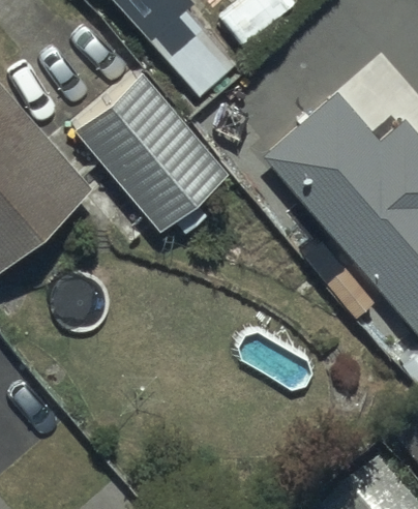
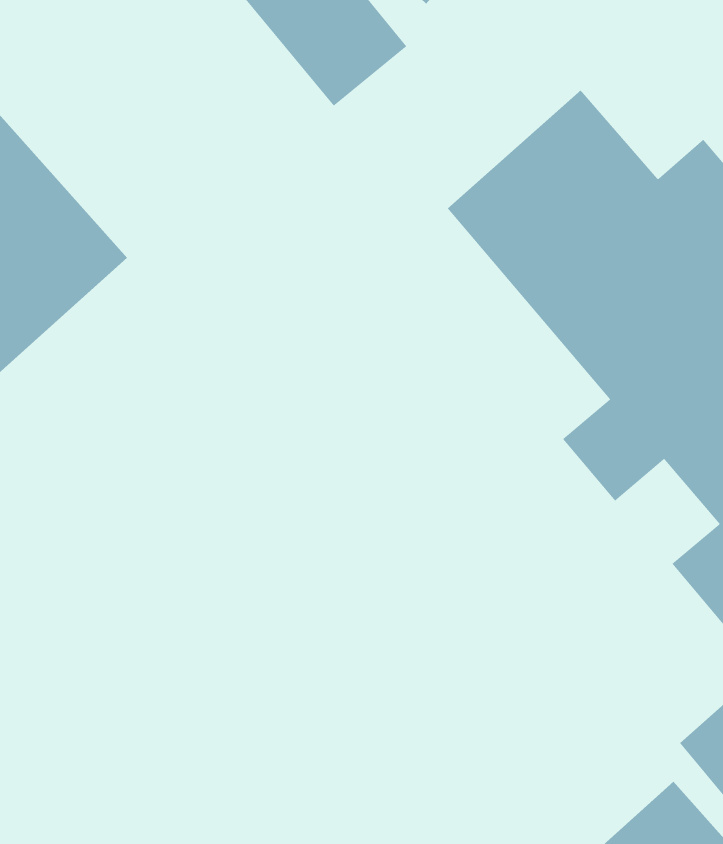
building: [76,71,226,236] -> none

